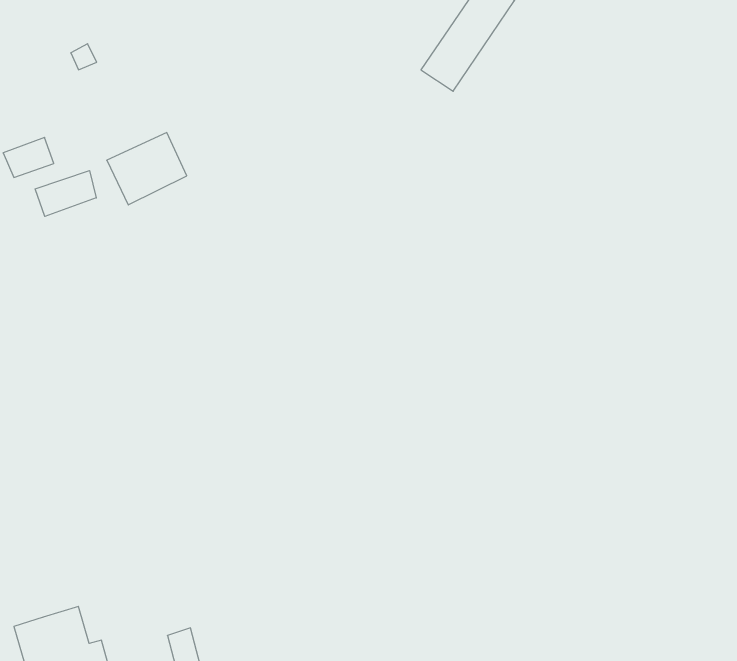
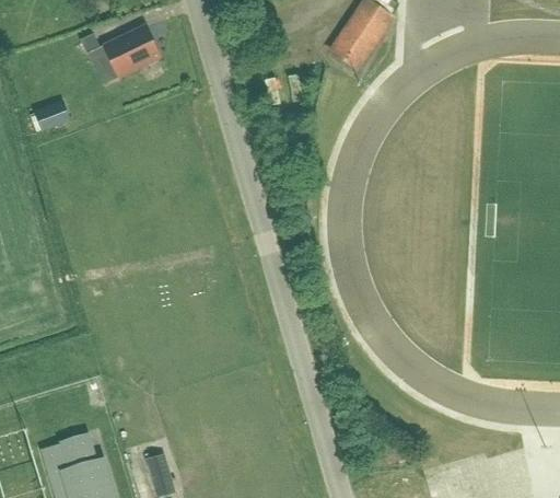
building: [107,133,187,205] -> [103,26,160,78]
building: [35,171,96,216] -> none

